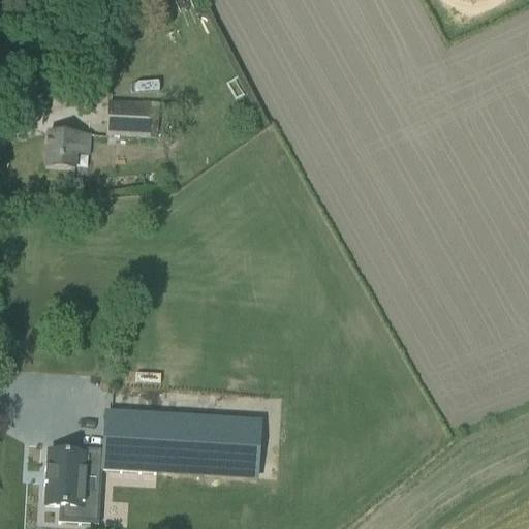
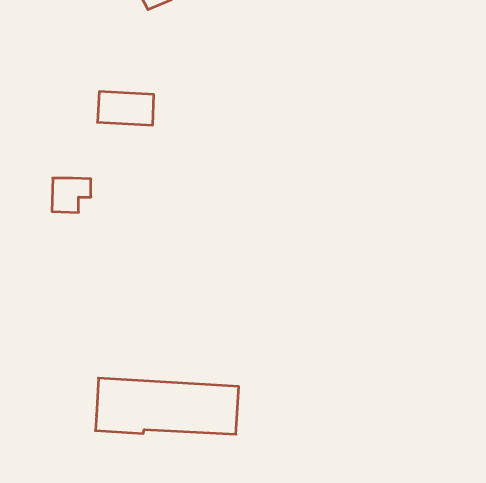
building: [46,129,89,166] -> [52,178,91,212]
building: [45,446,106,519] -> none

